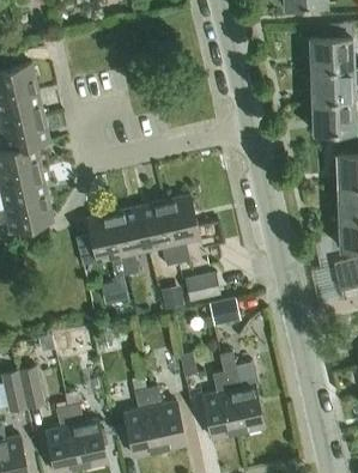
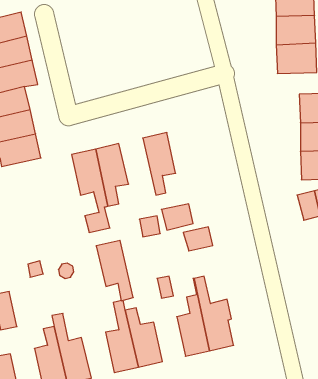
building: [138,201,178,267] -> [96,240,133,301]
building: [18,365,44,407] -> none

